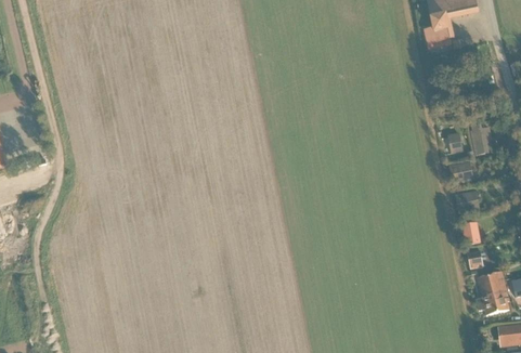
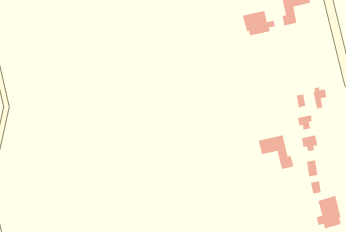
building: none -> [242,10,275,36]
building: none -> [258,135,294,170]

